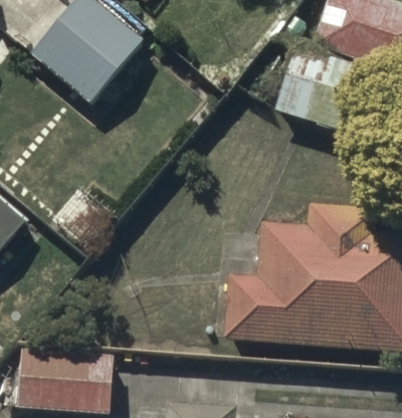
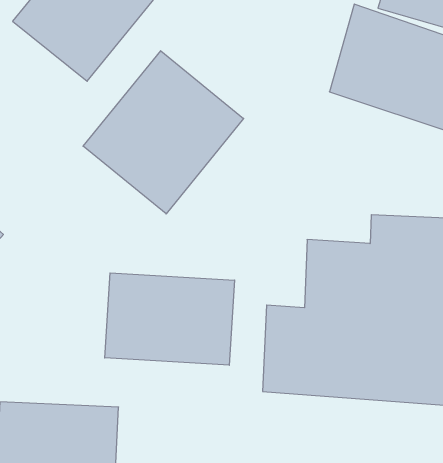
building: none -> [83,51,244,214]
building: none -> [105,273,235,365]

